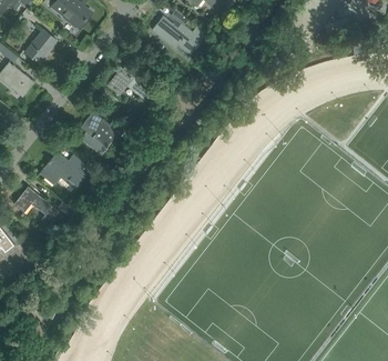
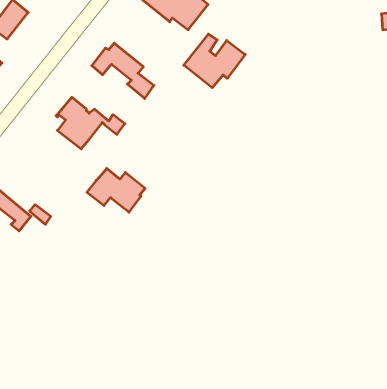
building: none -> [184,34,245,88]
building: [40,152,89,189] -> [87,168,145,212]

